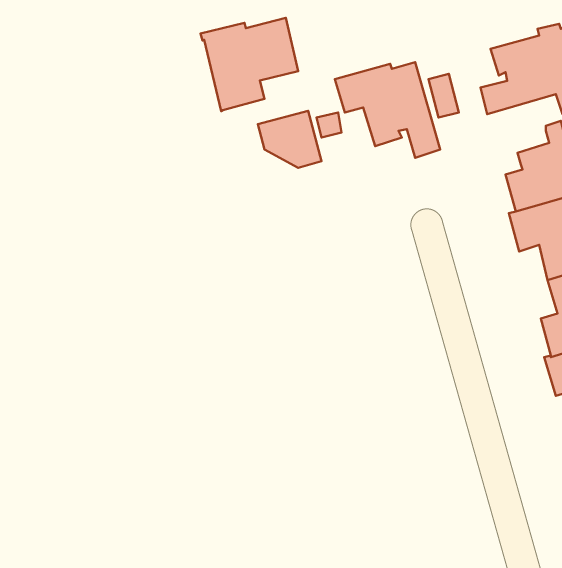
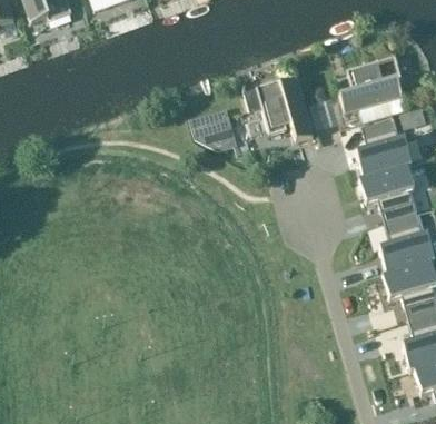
building: [200,18,298,111] -> none

